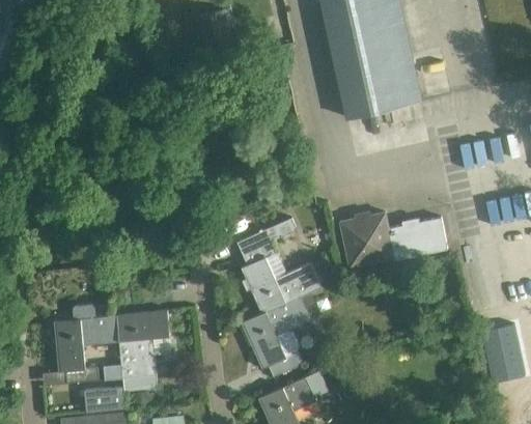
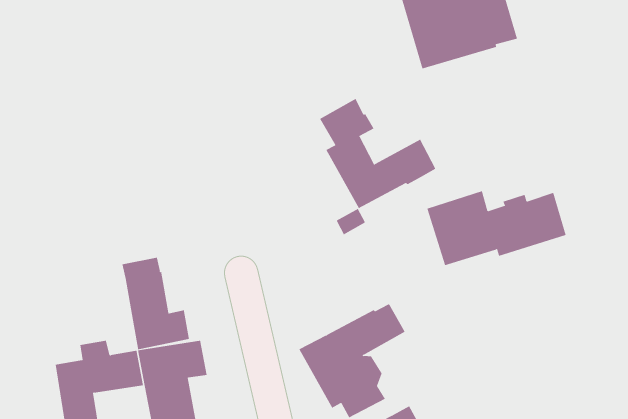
building: [234,228,320,312] -> [319,98,436,209]
building: none -> [122,257,189,350]

